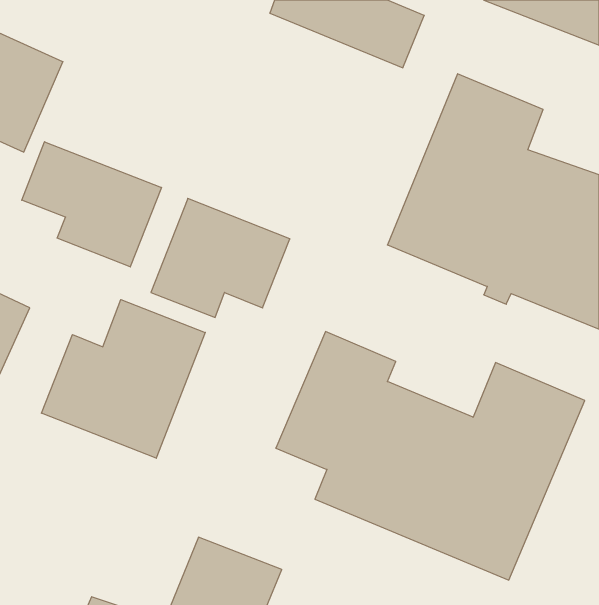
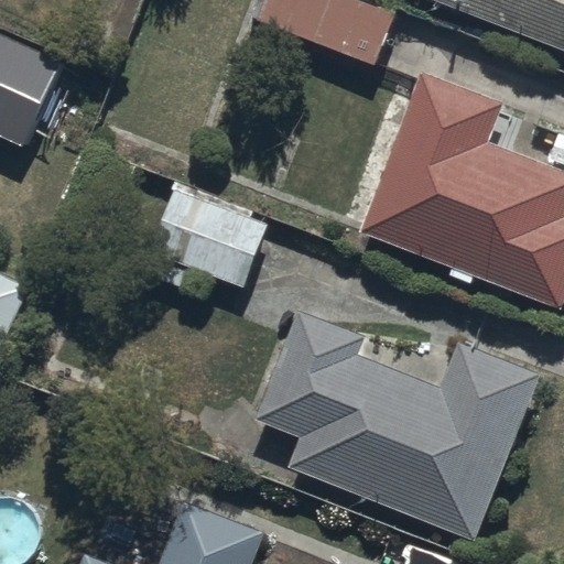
building: [22,142,161,267] -> none
building: [41,300,205,458] -> none

